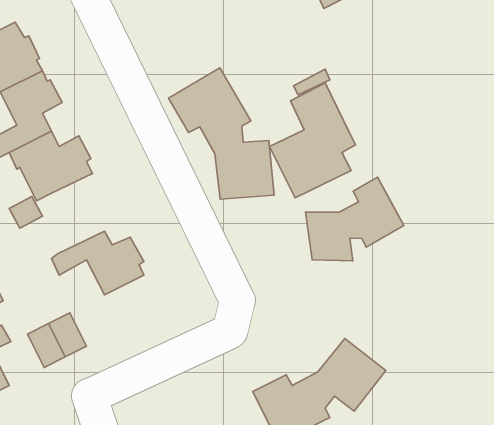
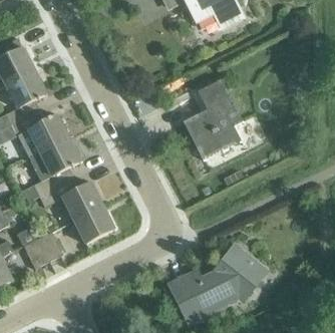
building: [168,68,274,199] -> none
building: none -> [34,140,80,197]
building: [306,177,404,261] -> none
building: none -> [74,208,114,243]

